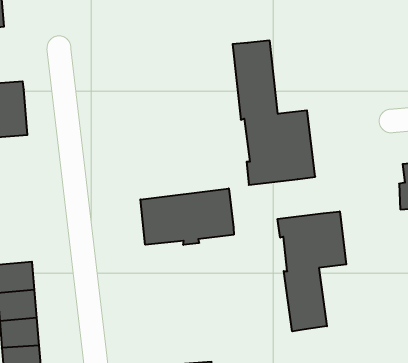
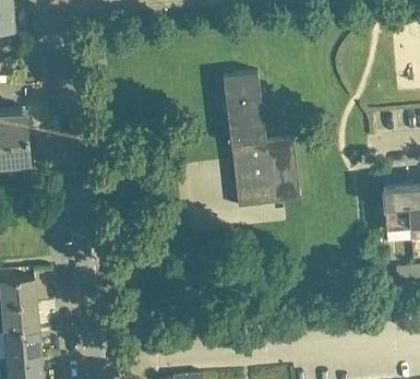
building: [140,188,234,245] -> none
building: [278,211,346,331] -> none

